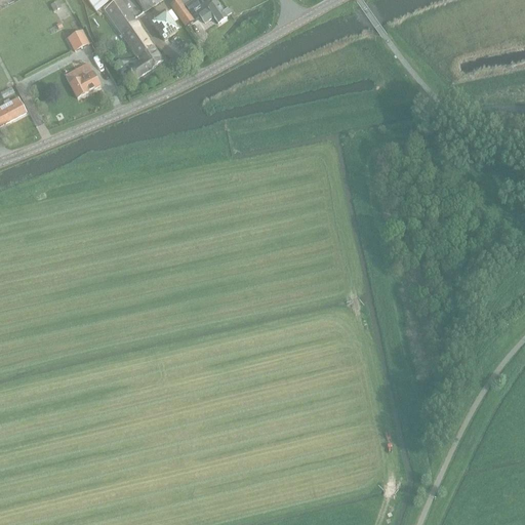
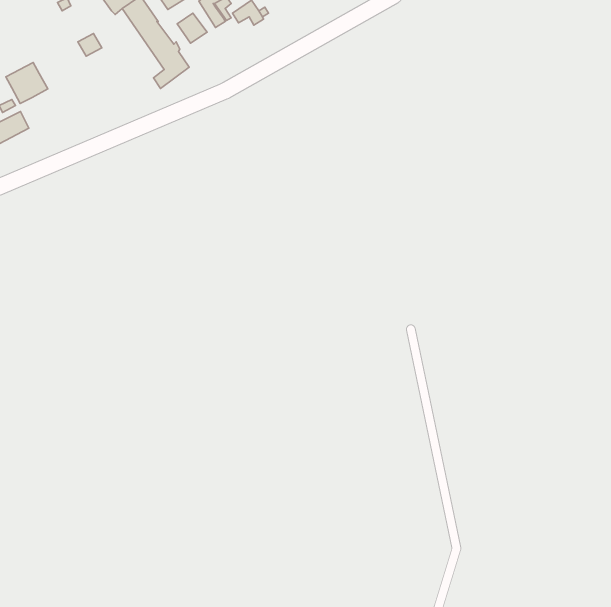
building: [64,60,99,95] -> [6,63,48,103]

